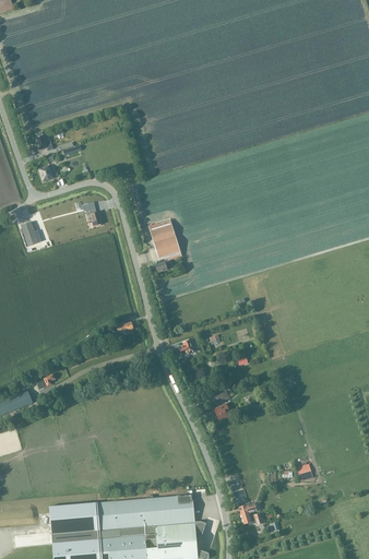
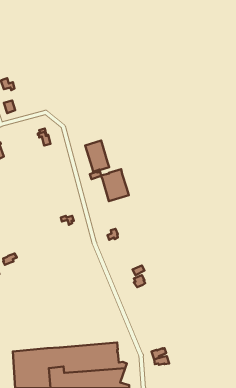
building: none -> [101,169,129,201]

